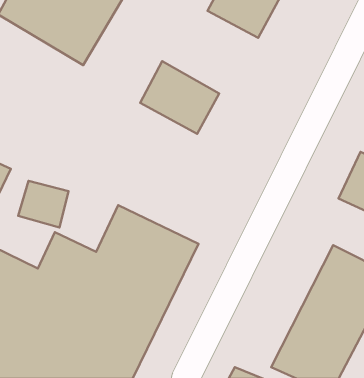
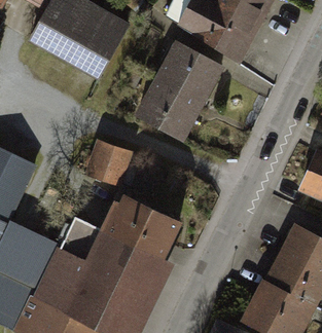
building: none -> [159,48,222,106]
building: [18,181,69,228] -> [86,143,127,180]

